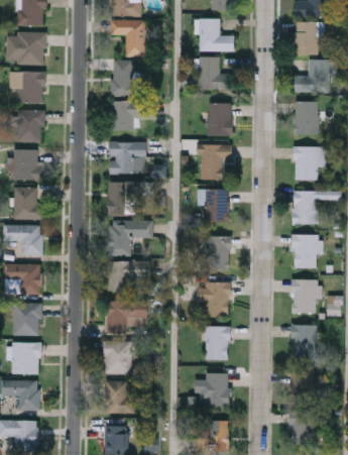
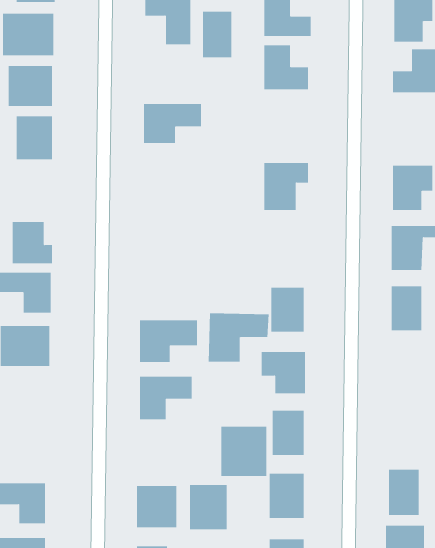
building: [112,62,134,96] -> [202,11,232,58]
building: [294,102,318,134] -> none
building: [207,103,232,136] -> none
building: [108,141,145,174] -> none
building: [13,149,43,180] -> none
building: [108,182,138,215] -> none
building: [204,190,228,222] -> none
building: [107,220,152,256] -> [208,313,269,362]
building: [291,279,317,313] -> none
building: [13,304,40,337] -> none
building: [291,325,316,358] -> none
building: none -> [221,426,267,477]
building: [103,341,131,374] -> [189,485,227,530]
building: [12,343,40,374] -> none

